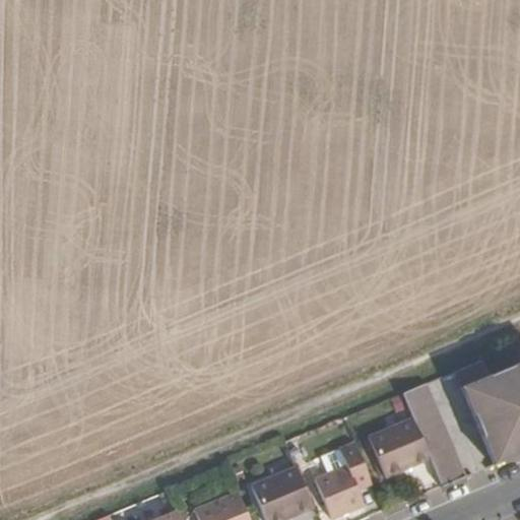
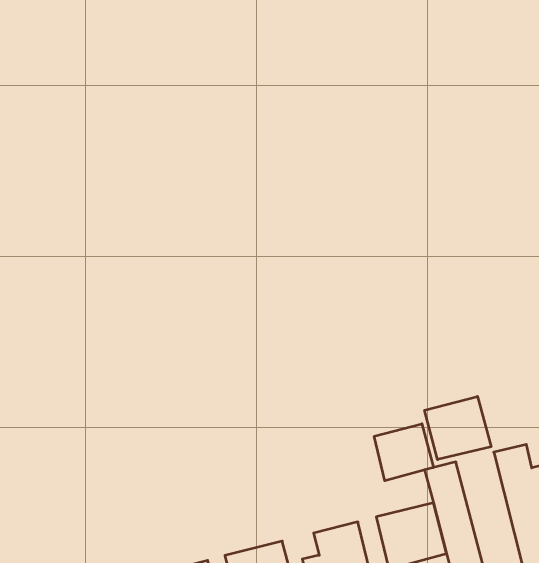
building: none -> [425,396,491,460]
building: none -> [374,424,433,481]

